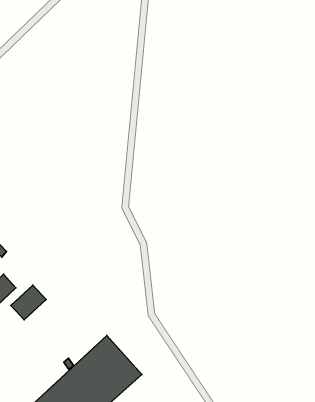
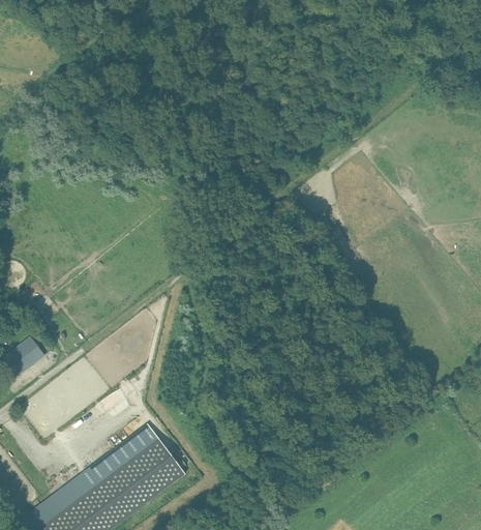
building: [11,285,46,320] -> none

